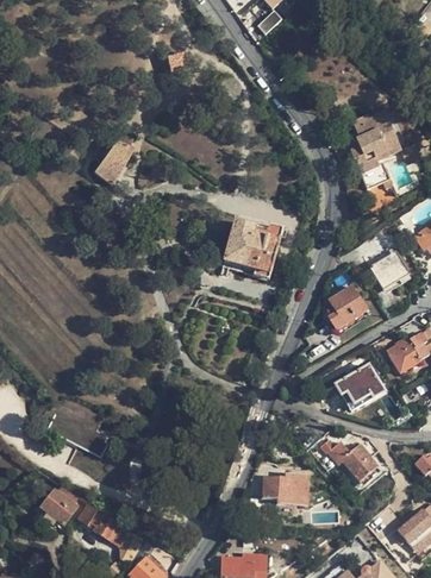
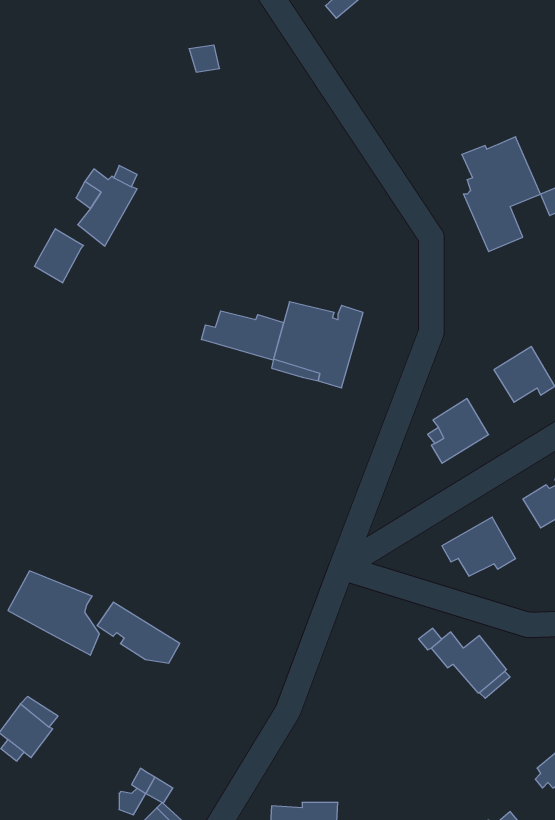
building: none -> [34,229,84,283]
building: none -> [201,311,283,360]
building: [262,475,307,505] -> none
building: [76,503,131,544] -> [97,602,180,663]

